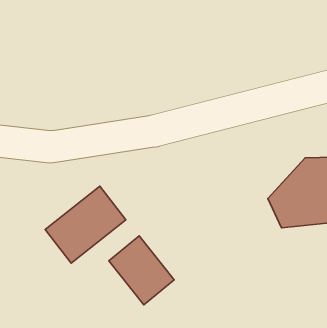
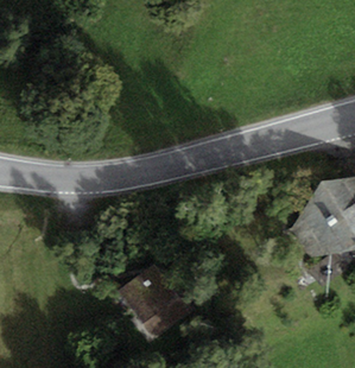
building: [45,186,126,263] -> none

